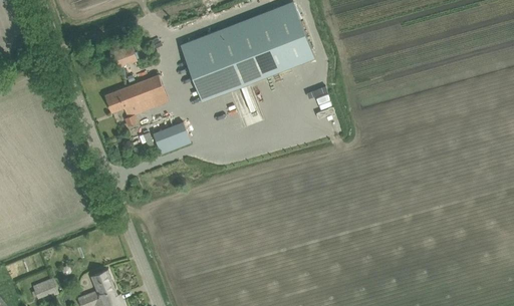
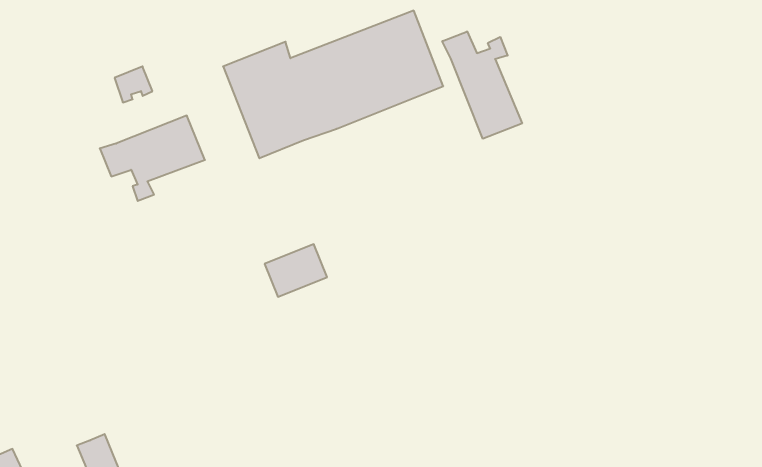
building: none -> [442,31,522,139]
building: [153,121,191,154] -> [265,244,327,297]

